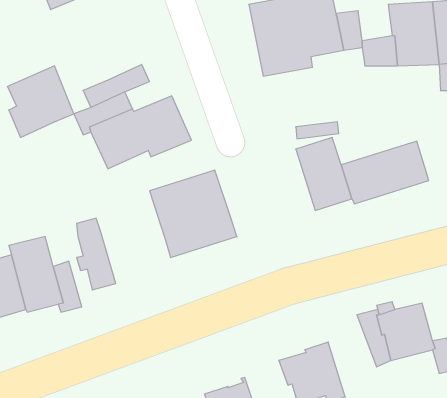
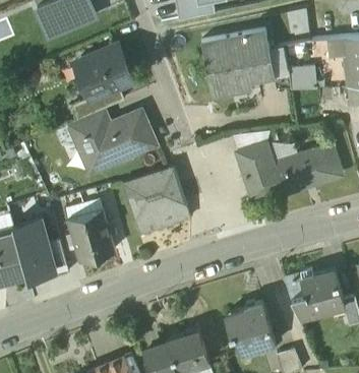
building: [7,66,74,137] -> [80,41,132,97]
building: none -> [81,199,115,255]

